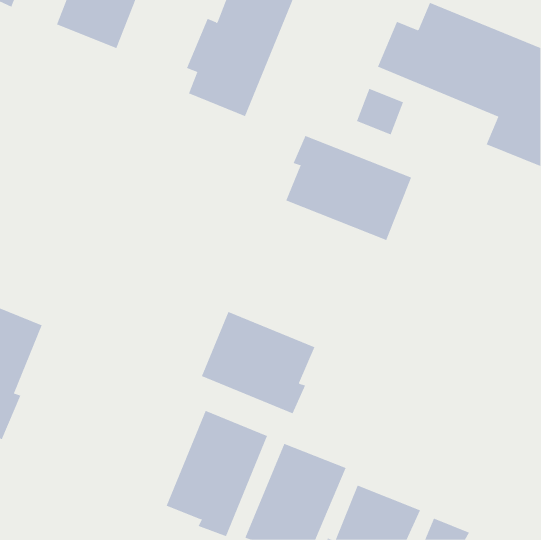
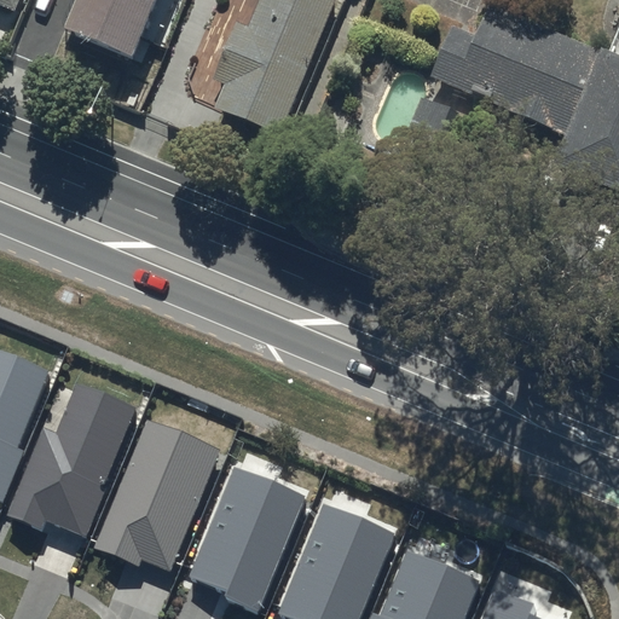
building: [286,135,412,241] -> none
building: [201,311,315,414] -> none
building: none -> [7,383,135,536]
building: none -> [93,418,219,569]

